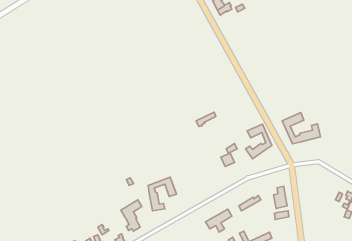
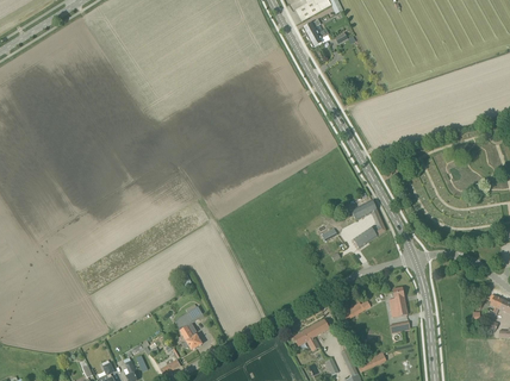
building: [282,113,320,144] -> none
building: [148,177,176,211] -> none

